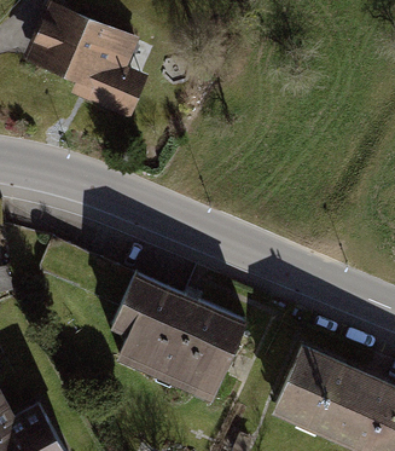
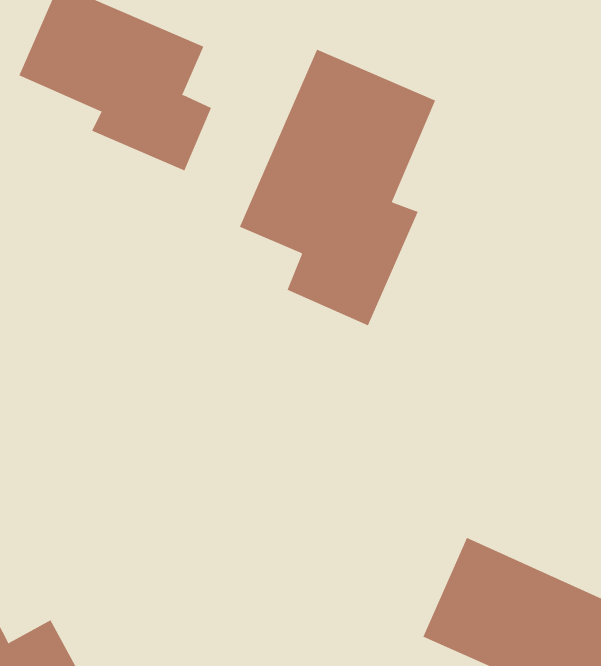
building: none -> [239,49,436,326]
building: [115,283,248,400] -> none

